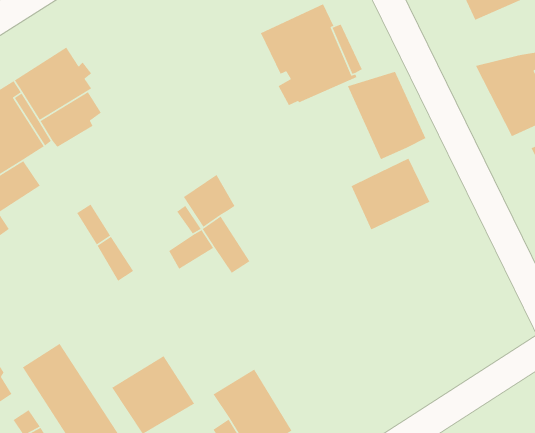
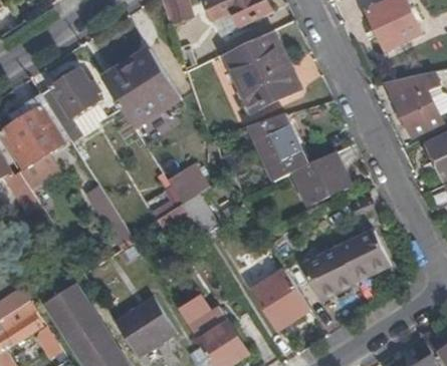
building: none -> [101,48,180,127]
building: [347,71,427,160] -> [246,114,305,180]
building: none -> [303,229,389,300]
building: none -> [251,269,309,330]

